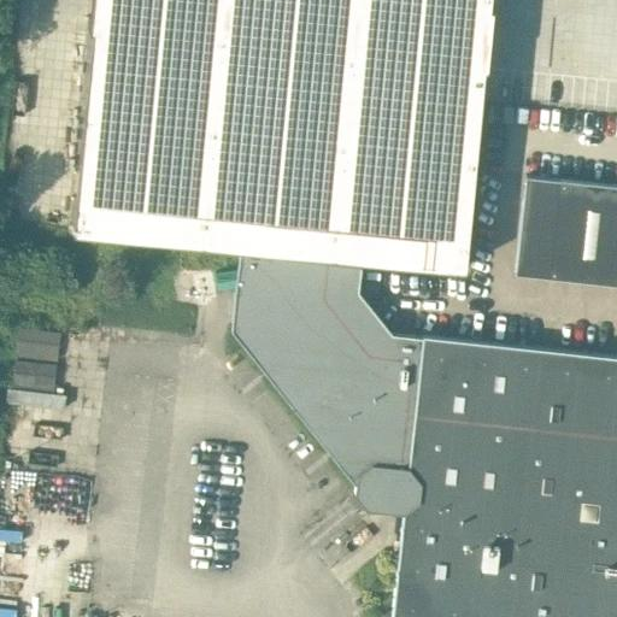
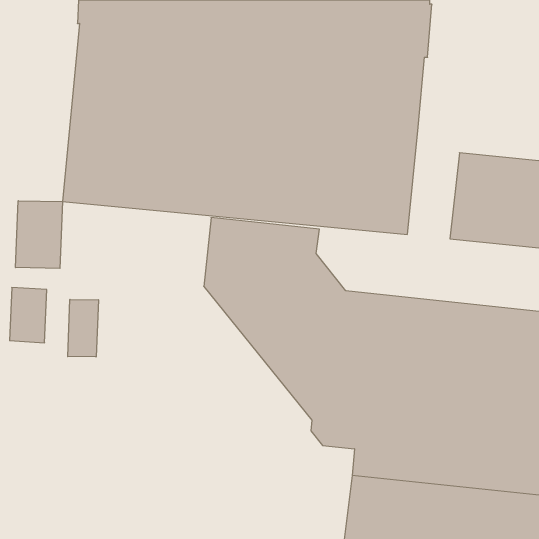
building: none -> [16,201,63,268]
building: none -> [68,299,98,357]

